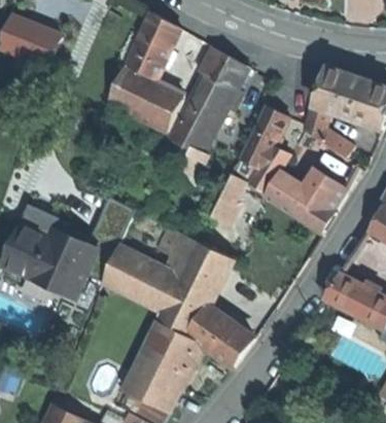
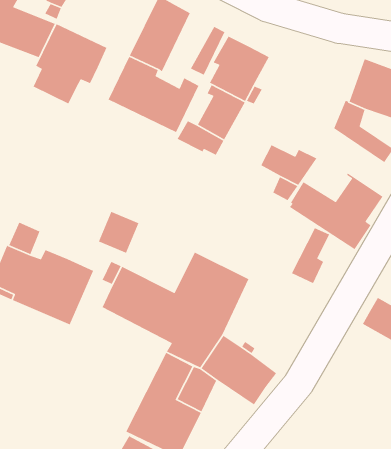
building: none -> [33,23,108,105]
building: [247,106,285,151] -> none
building: [208,175,242,224] -> [291,227,330,284]

